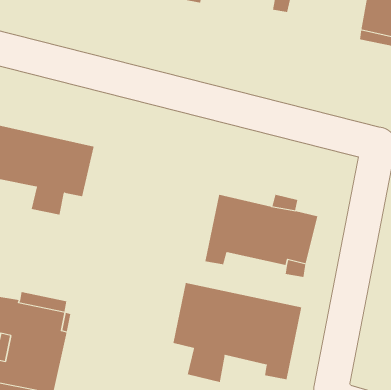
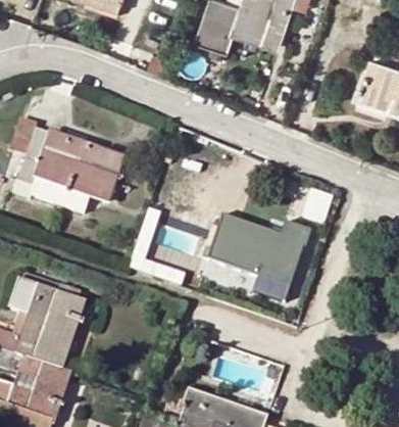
building: [173,282,302,383] -> none

